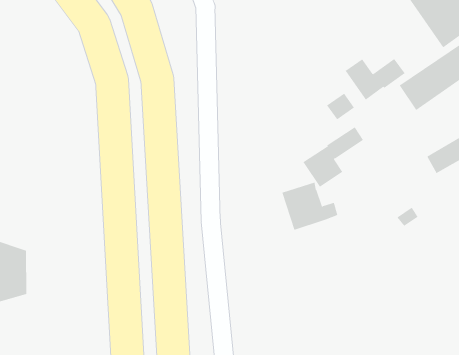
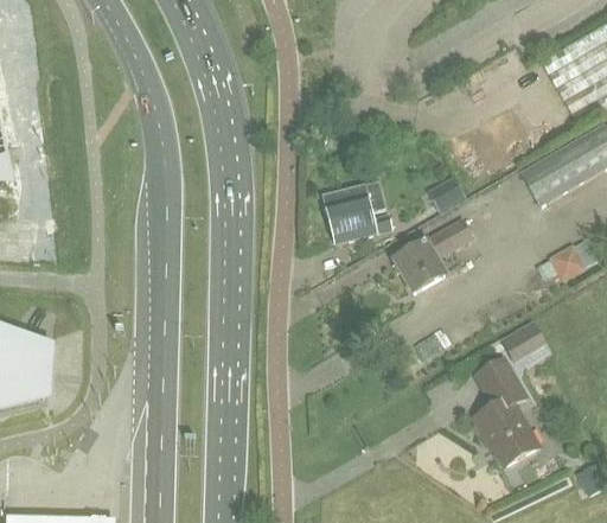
building: [345,58,405,101] -> none
building: [282,182,338,231] -> [324,184,392,243]
building: none -> [473,357,539,465]

